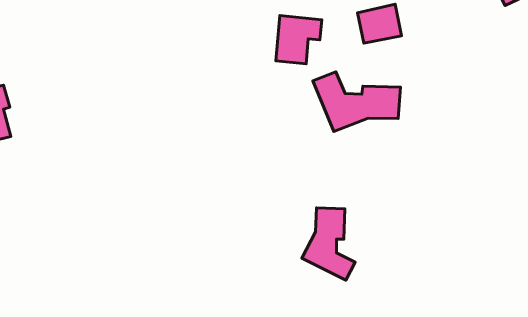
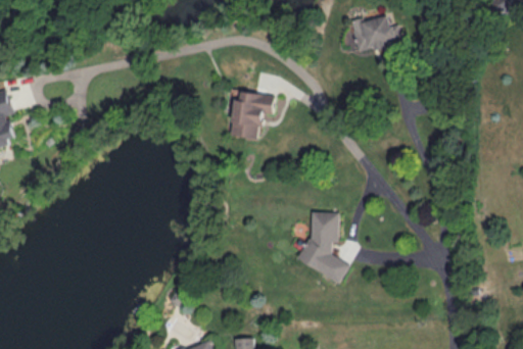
building: [276,16,322,64] -> [230,91,275,138]
building: [313,72,401,131] -> none

